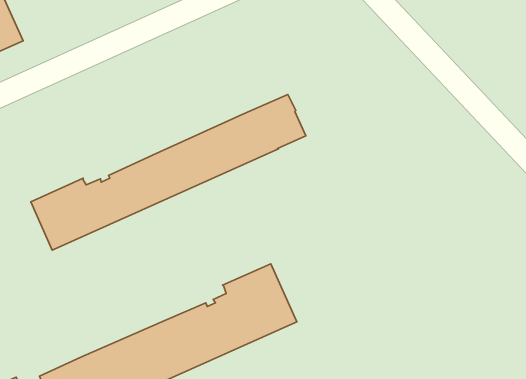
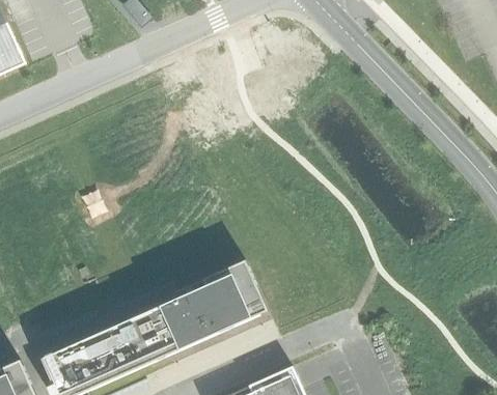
building: [31,94,306,250] -> none

